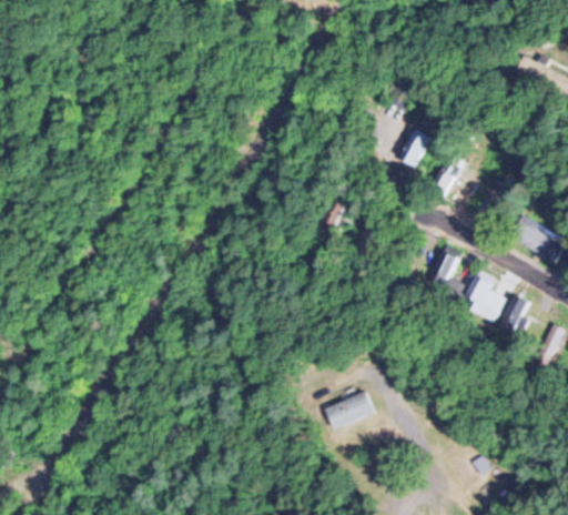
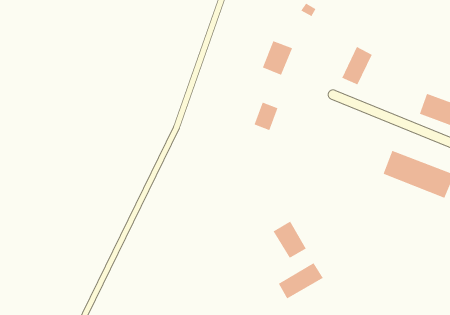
building: [394,127,433,169] -> [262,40,293,76]
building: [429,250,465,291] -> none
building: none -> [273,220,307,259]

